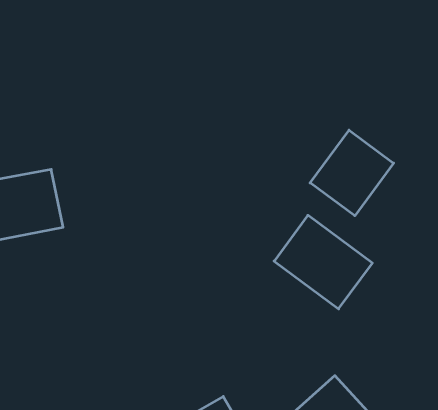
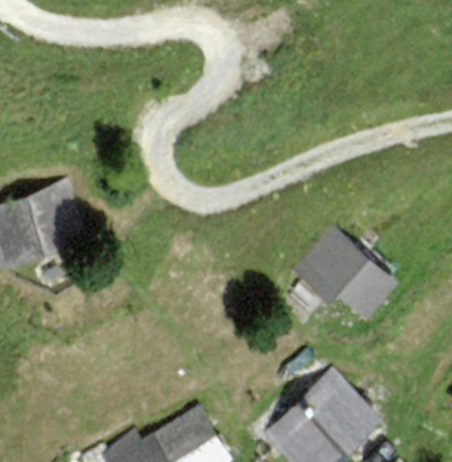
building: [310,130,394,216] -> none

